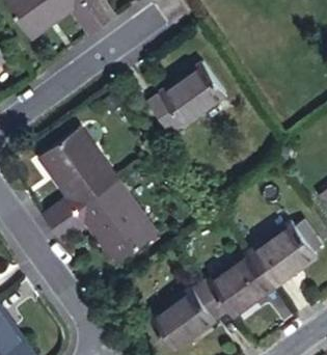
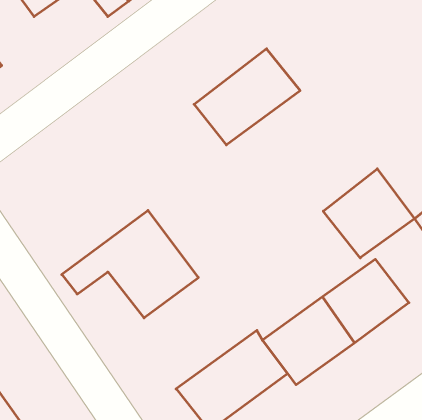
building: [38,130,118,230] -> none
building: none -> [323,169,414,258]

